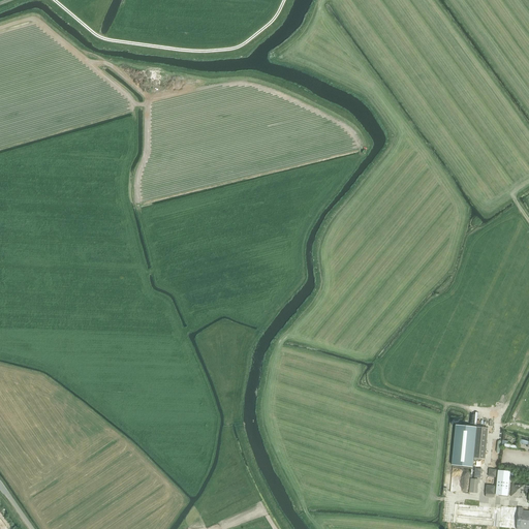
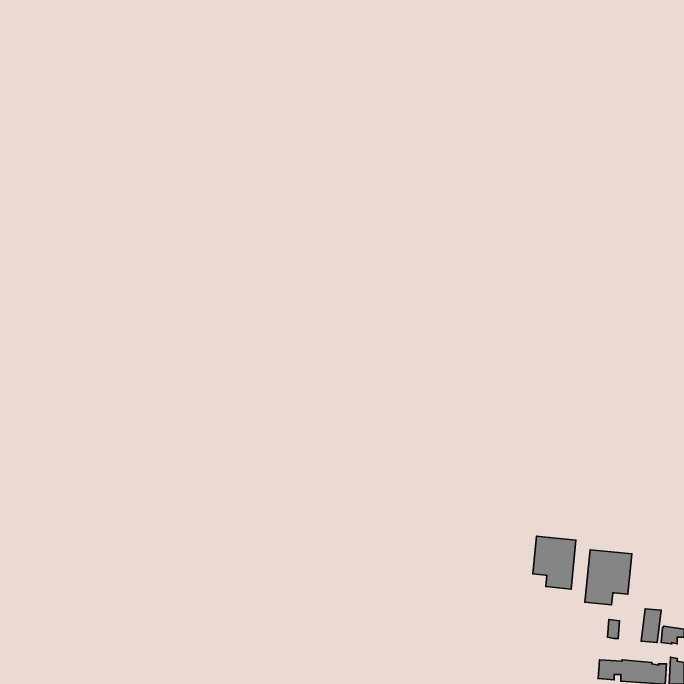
building: none -> [533,536,576,589]

